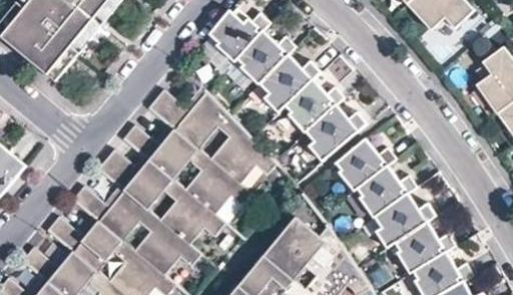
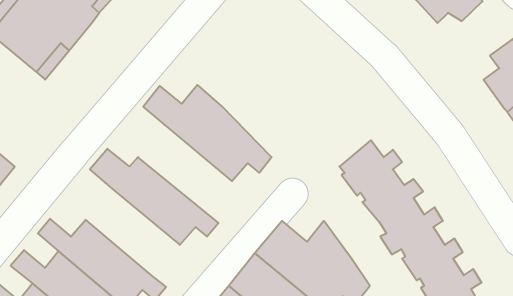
building: [212,15,370,167] -> none
building: [124,126,247,213] -> none
building: [74,188,196,274] -> none

